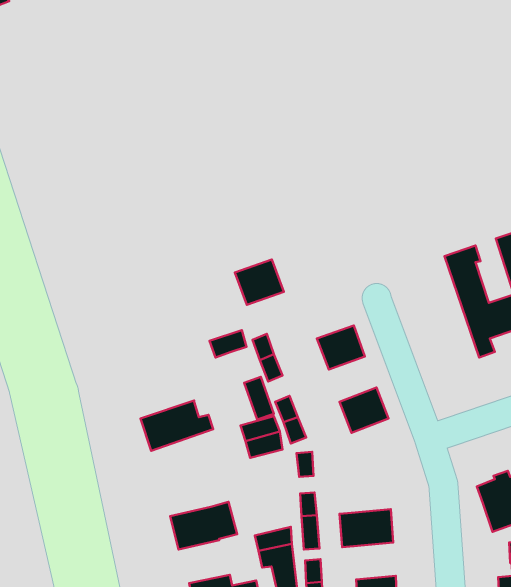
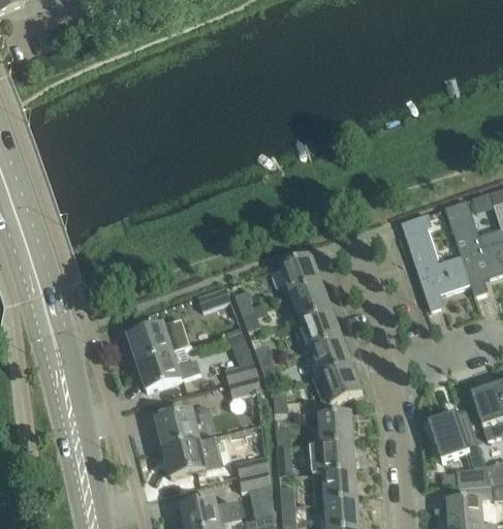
building: [235,259,284,305] -> [280,254,322,293]
building: none -> [293,309,342,350]
building: none -> [128,317,192,363]
building: none -> [313,363,363,406]
building: none -> [156,409,200,447]
building: none -> [318,412,354,444]
building: none -> [312,470,358,502]

